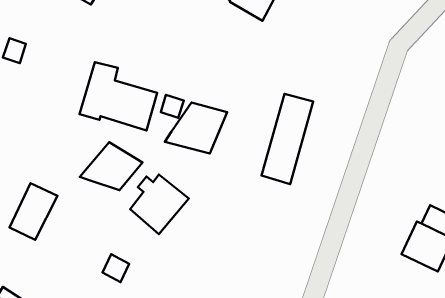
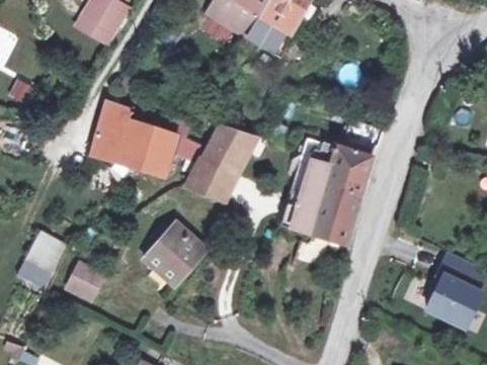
building: none -> [208,121,256,156]
building: none -> [312,145,372,241]
building: [80,142,142,190] -> none
building: none -> [64,271,101,307]

